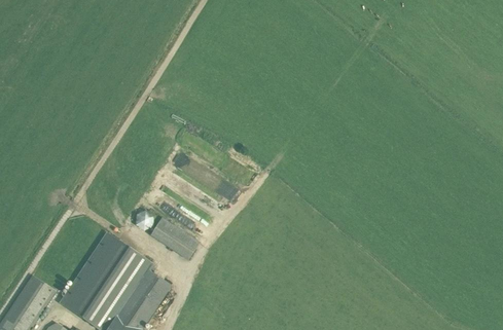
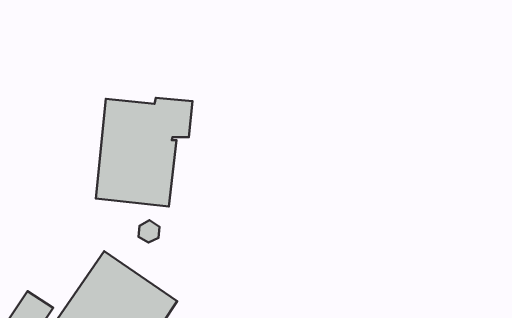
building: none -> [96,98,193,206]
building: [151,217,199,258] -> none

